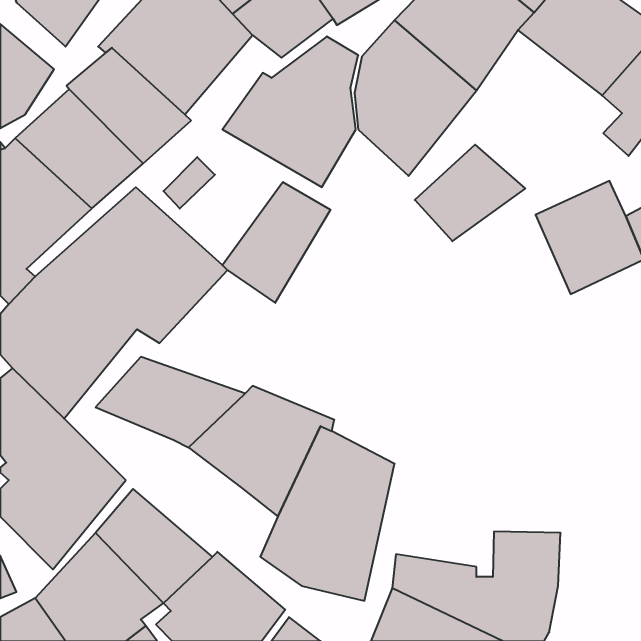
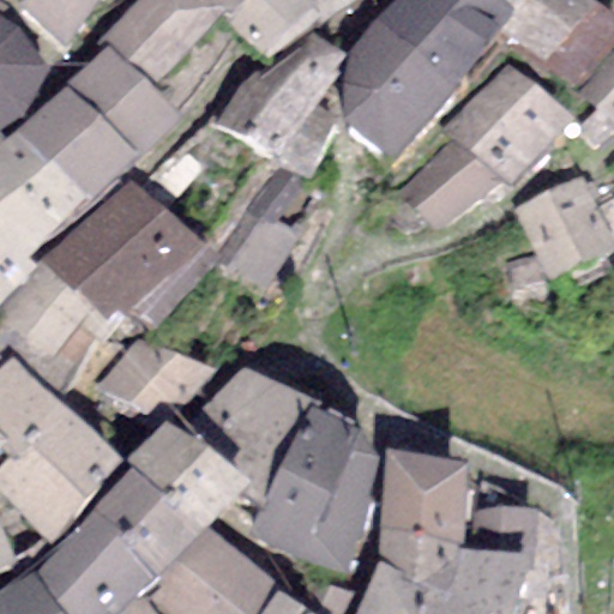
building: none -> [443,64,576,187]
building: none -> [125,420,266,540]
building: none -> [379,447,469,542]

